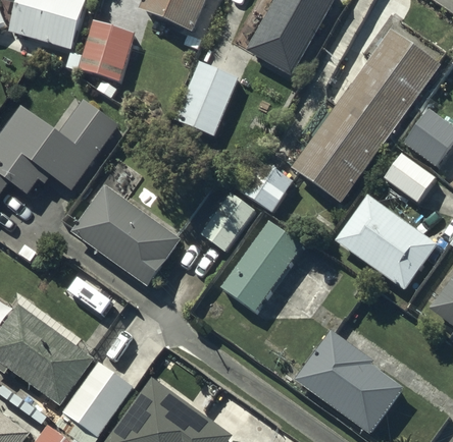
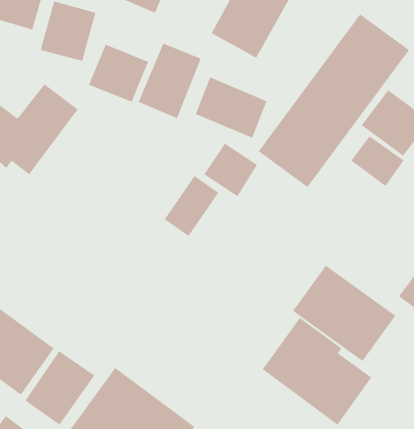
building: none -> [88,44,149,102]
building: none -> [195,77,267,139]
building: [71,185,181,288] -> none
building: [336,195,438,289] -> [292,265,396,362]
building: [221,219,304,310] -> none

